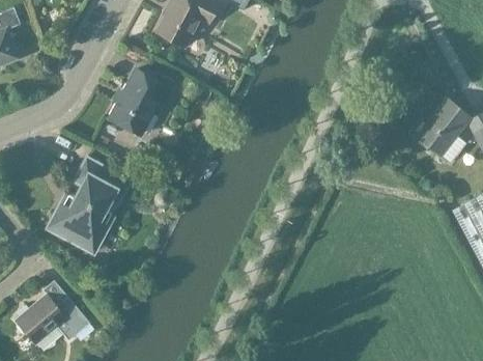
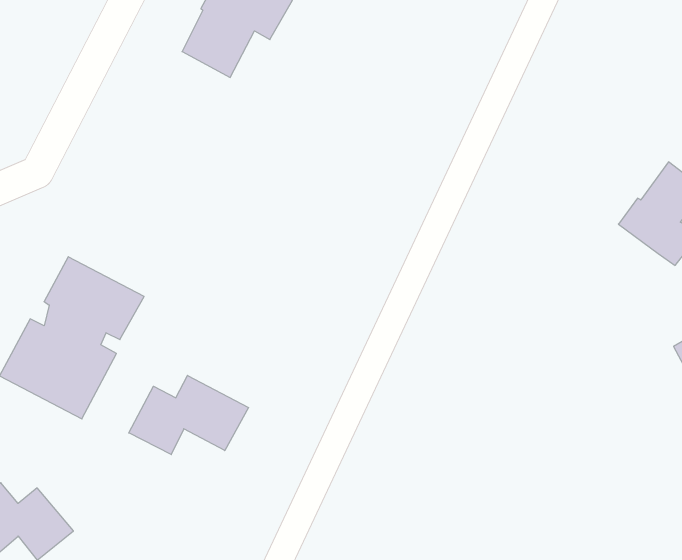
building: [110,70,170,134] -> none
building: none -> [129,375,249,455]

